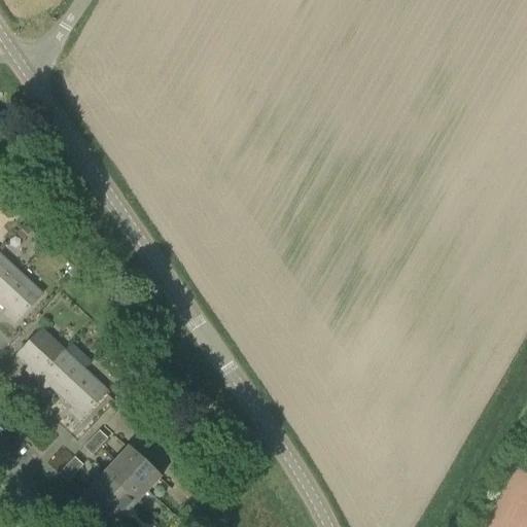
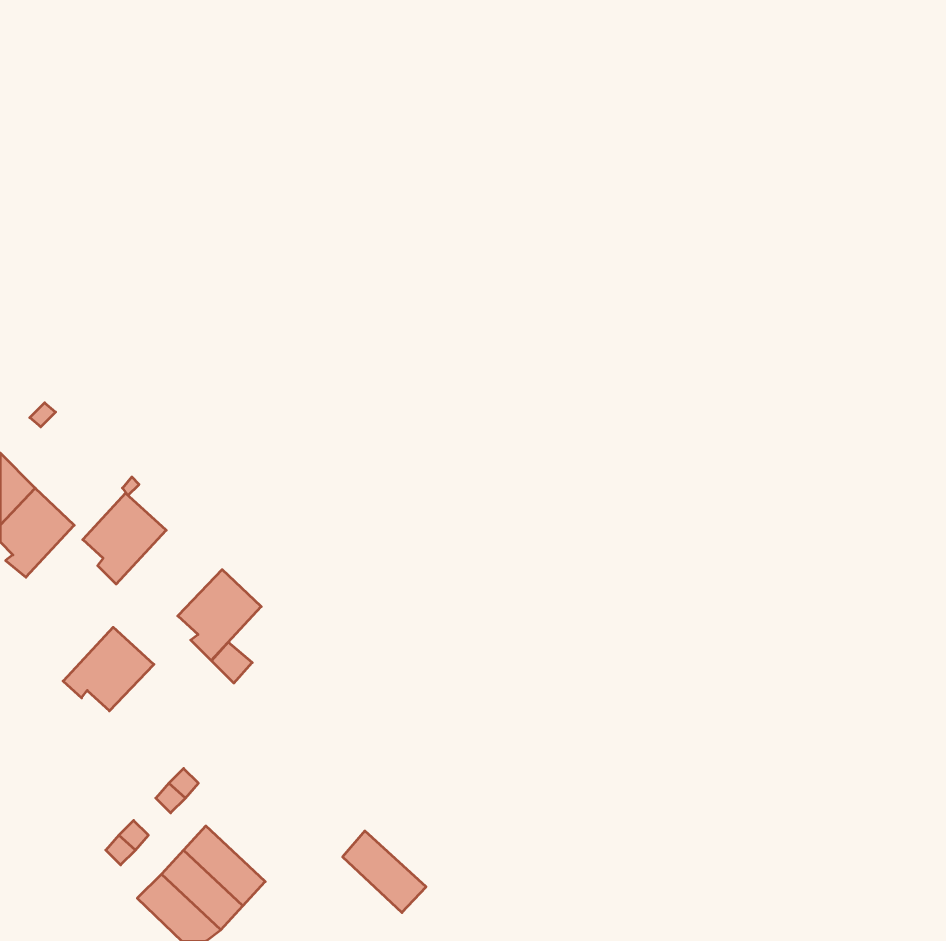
building: [17,327,64,378] -> [83,493,166,584]
building: [62,368,108,419] -> [178,570,261,660]
building: [115,444,162,489] -> [343,831,426,913]

